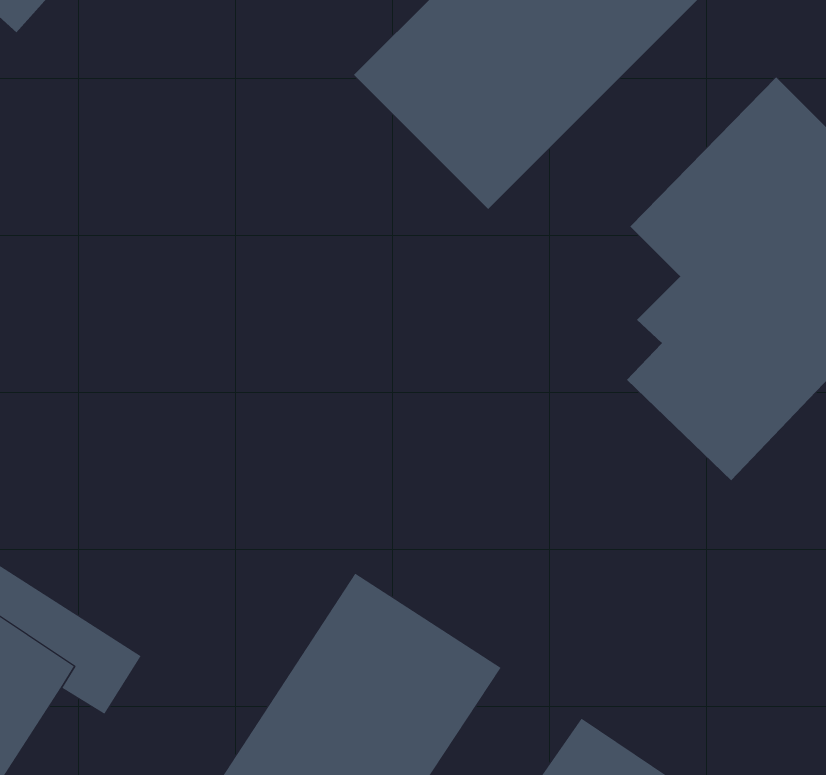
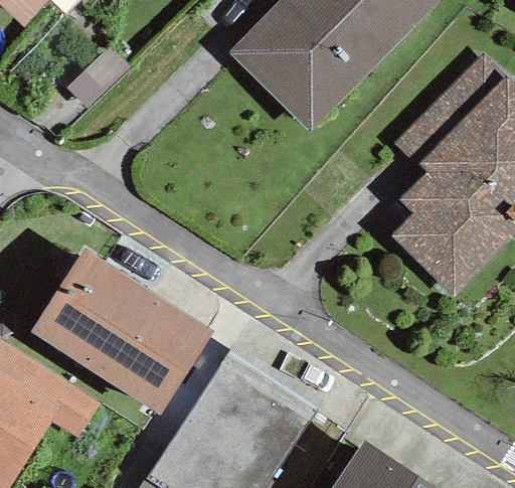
building: none -> [30,251,211,415]

